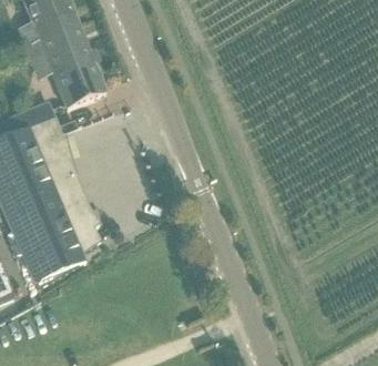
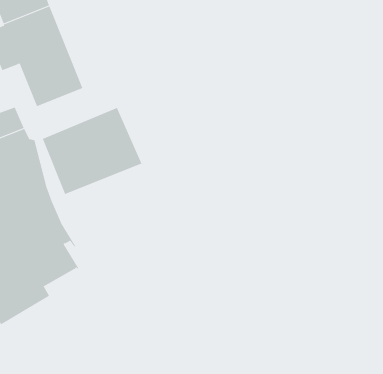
building: none -> [42,107,142,195]

